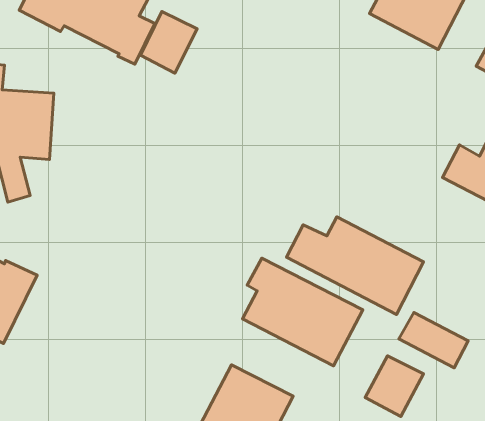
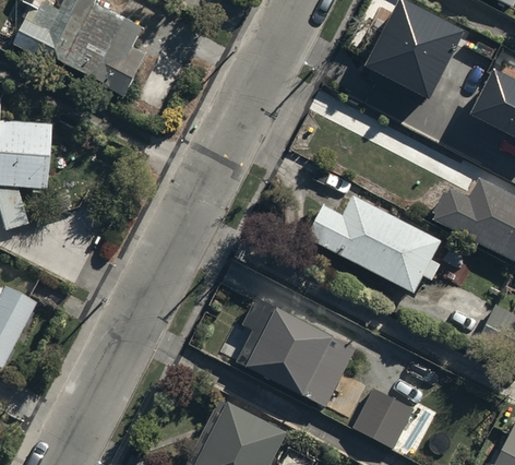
building: [140,11,197,73] -> none
building: [286,217,423,314] -> [306,195,439,290]
building: [399,313,468,368] -> none

